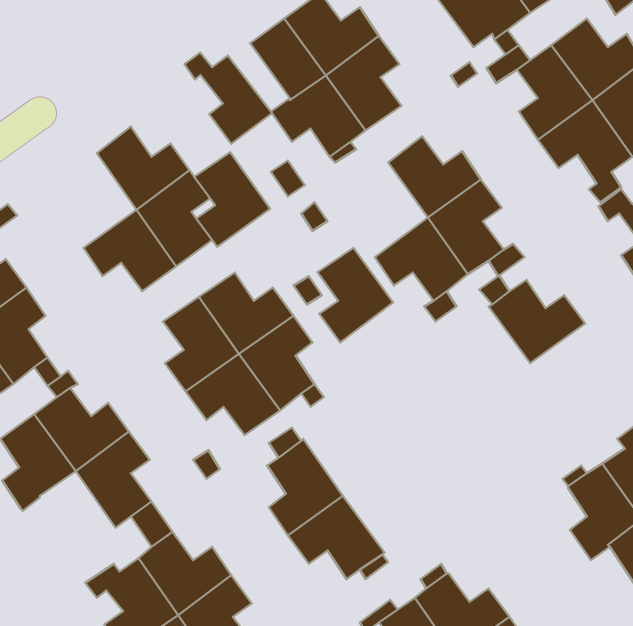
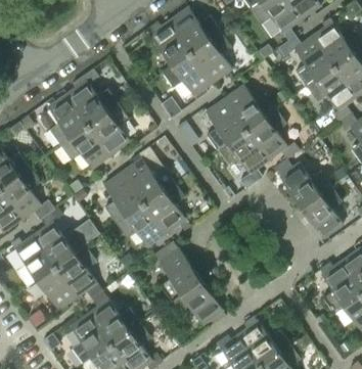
building: [185,53,272,144] -> none
building: [194,152,270,247] -> [48,94,89,145]
building: [317,248,393,342] -> [206,99,246,150]
building: none -> [302,186,343,238]
building: none -> [37,266,78,310]

